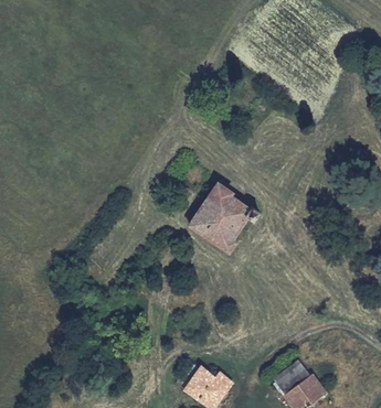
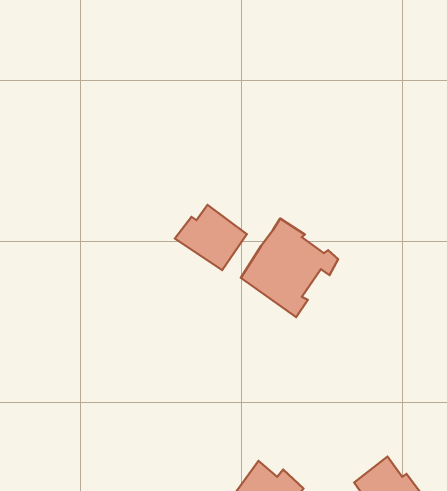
building: none -> [175,205,247,270]

